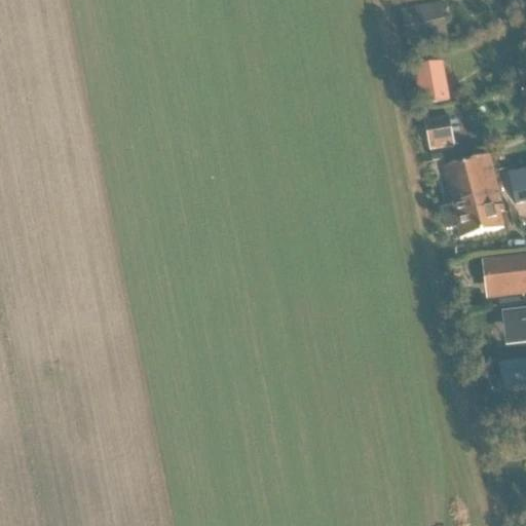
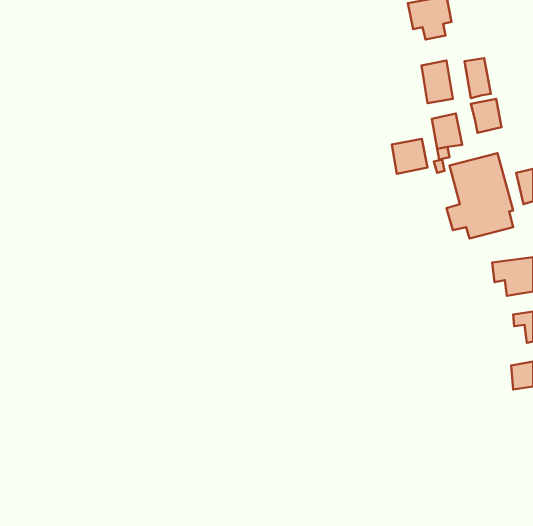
building: none -> [465,58,491,98]
building: none -> [471,99,502,133]
building: none -> [392,139,427,174]

